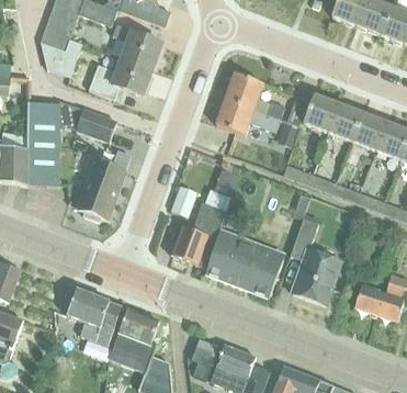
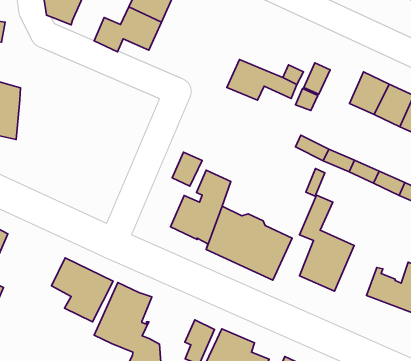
building: [225,72,262,108] -> none
building: [303,93,339,132] -> none
building: [25,101,58,184] -> none
building: [75,109,115,142] -> none
building: [77,150,129,221] -> none

